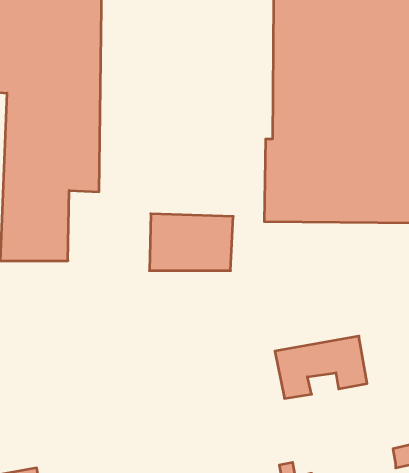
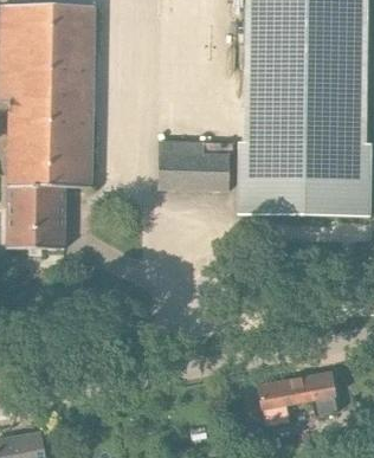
building: [149,214,233,271] -> [156,142,230,192]
building: [275,336,367,398] -> [257,368,337,422]

